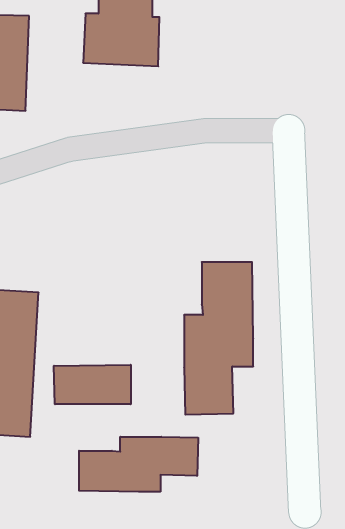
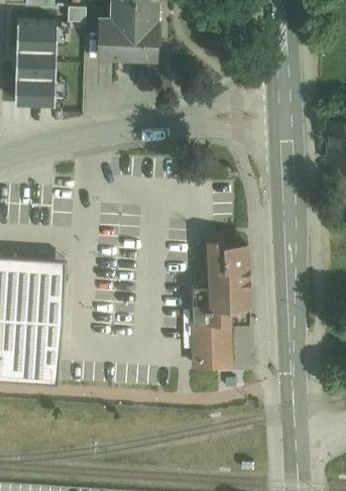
building: [54,365,131,404] -> none
building: [79,437,198,492] -> none

